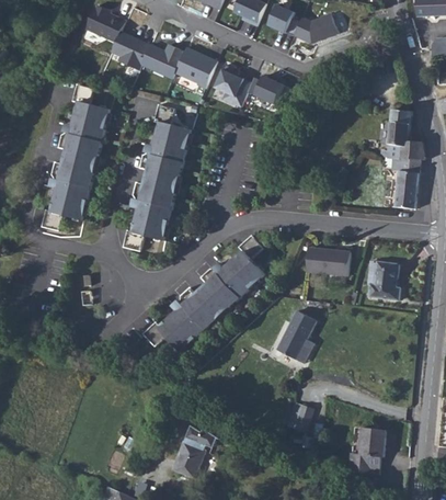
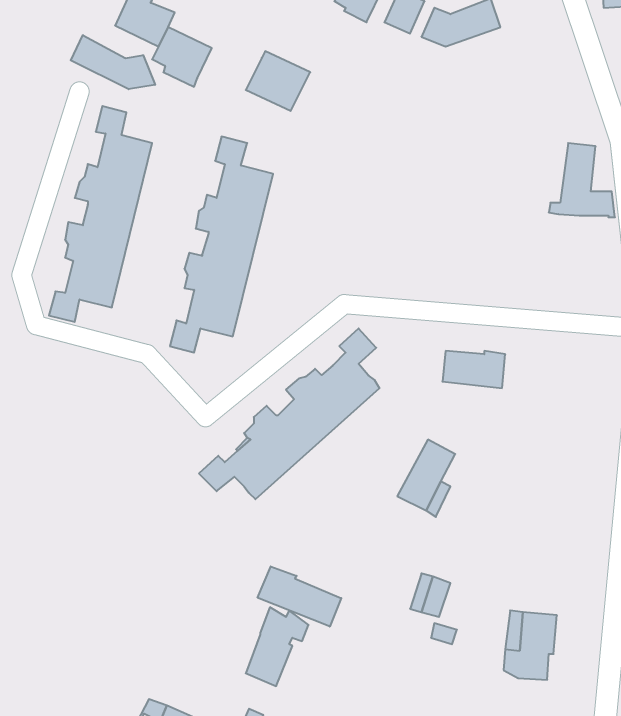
building: none -> [71,35,155,89]
building: [140,43,184,79] -> none
building: [211,67,251,107] -> none
building: [254,75,283,104] -> none
building: [393,158,420,208] -> none
building: [367,261,400,300] -> none
building: none -> [258,566,341,627]

